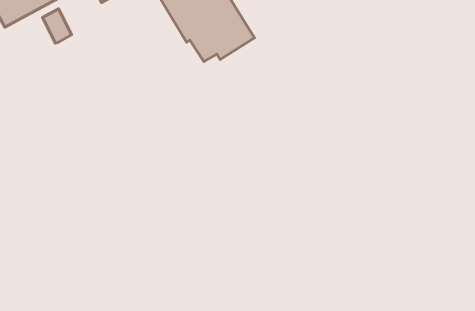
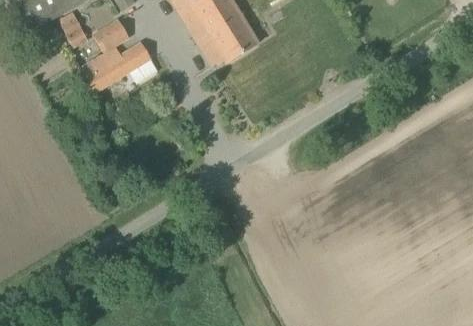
building: none -> [77,19,150,94]

